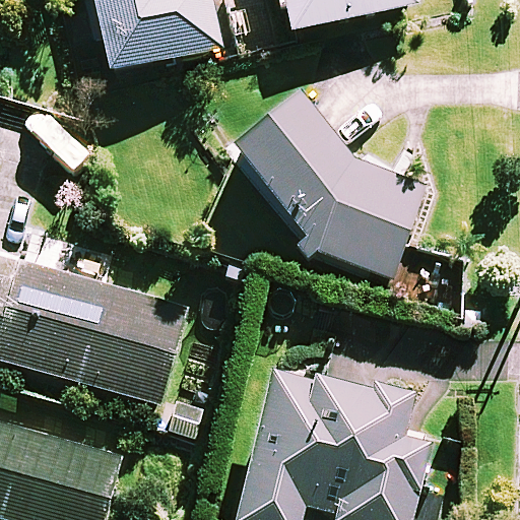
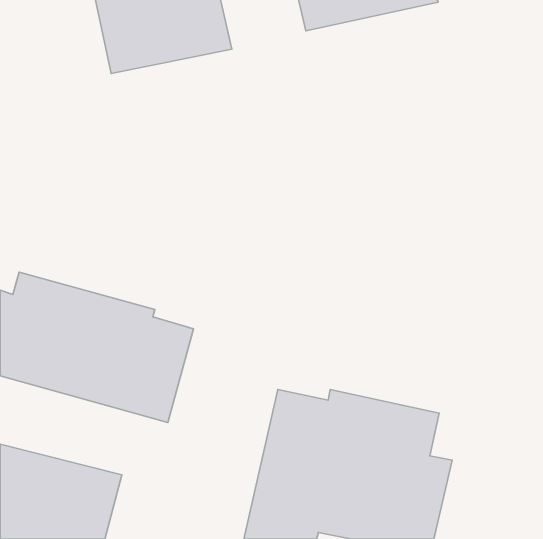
building: [229,89,427,278] -> none

